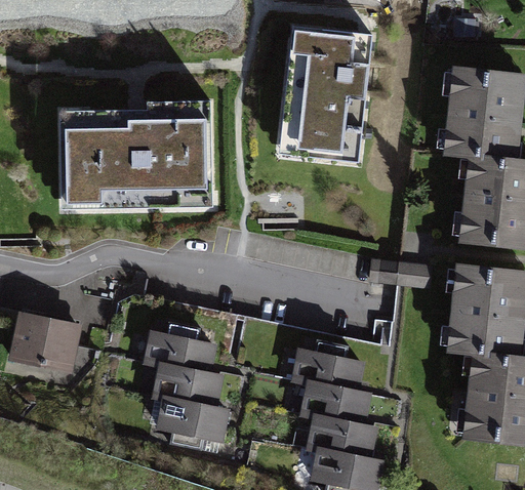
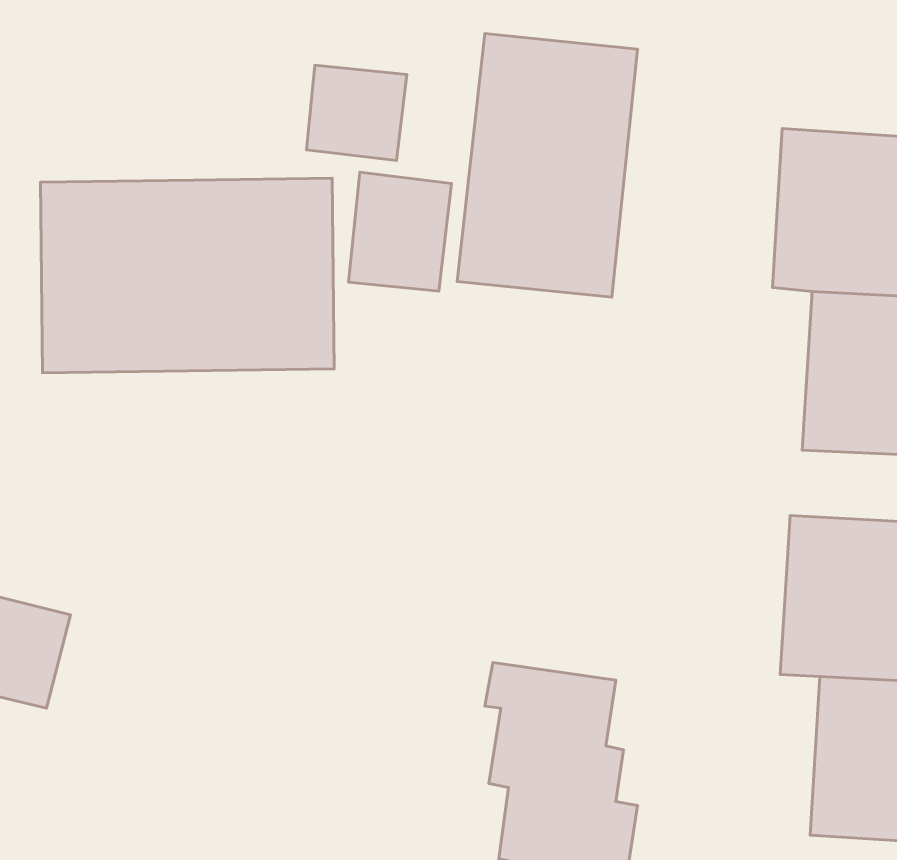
building: none -> [306,65,407,161]
building: none -> [348,172,451,291]
building: [139,330,227,444] -> none

